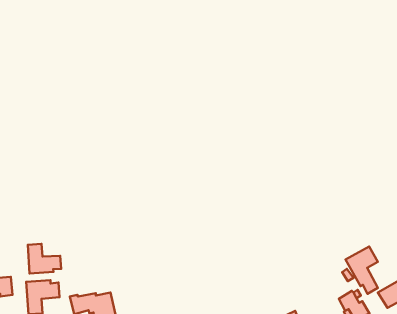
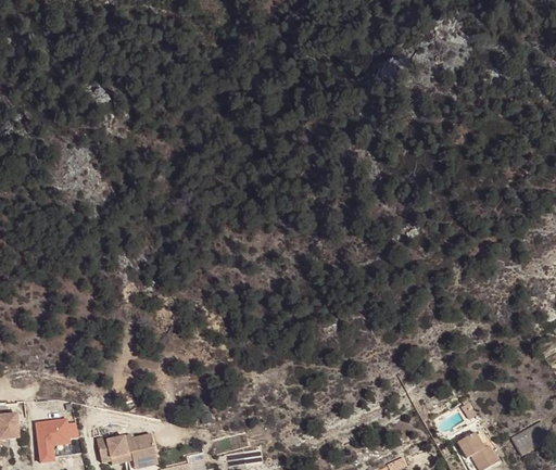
building: [28,244,61,274] -> none
building: [345,247,378,294] -> none

